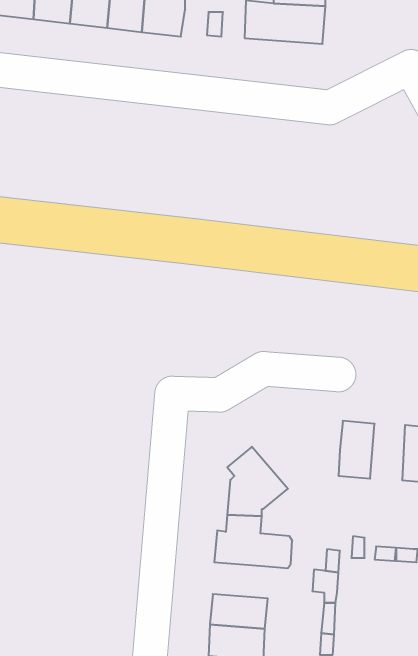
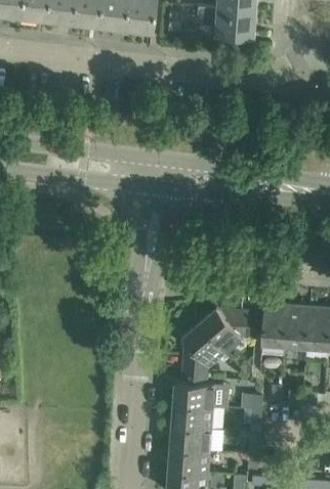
building: none -> [284,306,308,346]
building: none -> [200,307,256,352]
building: none -> [172,404,212,430]

